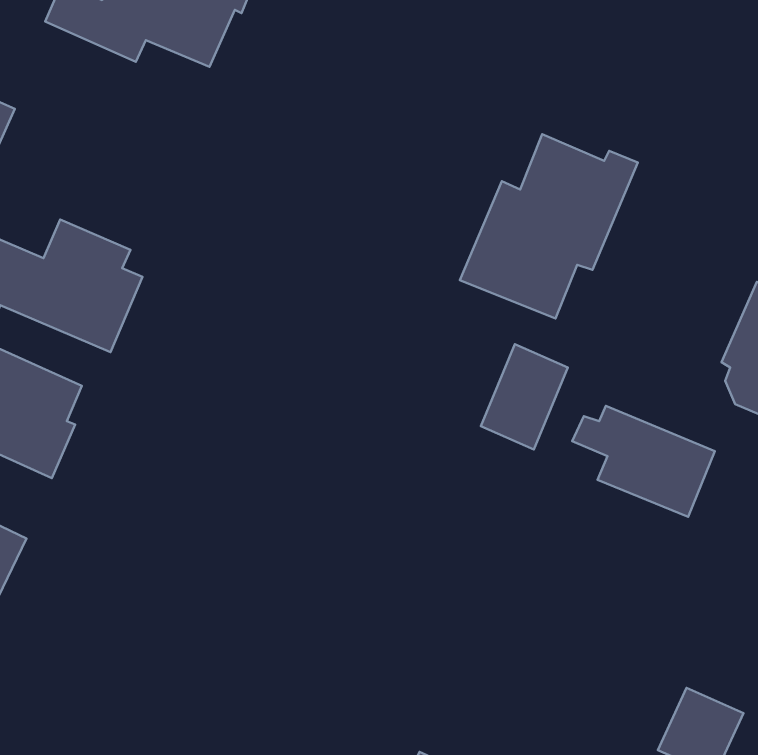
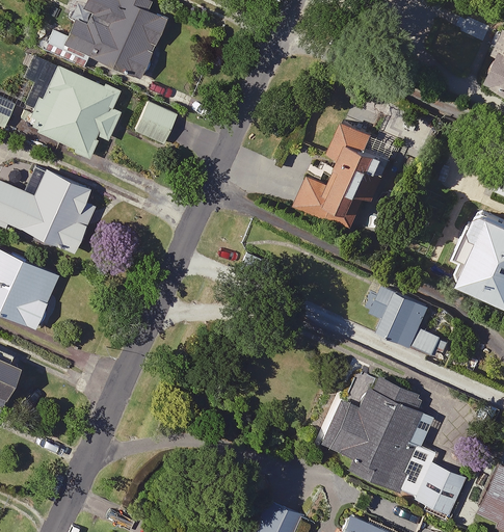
building: none -> [28,65,121,155]
building: none -> [134,102,177,144]
building: [481,344,568,449] -> none
building: none -> [322,391,419,490]

